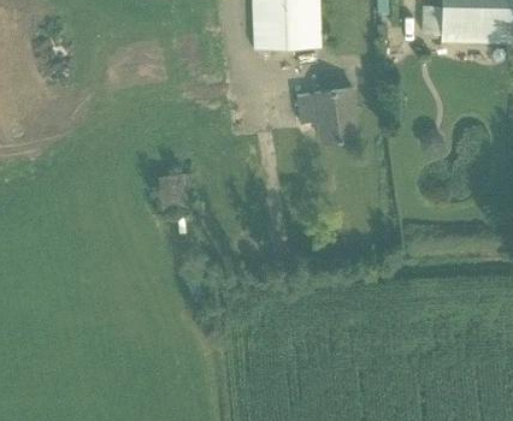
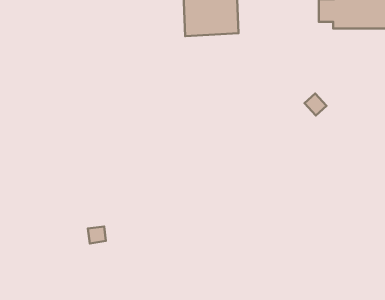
building: [297,88,360,143] -> none

